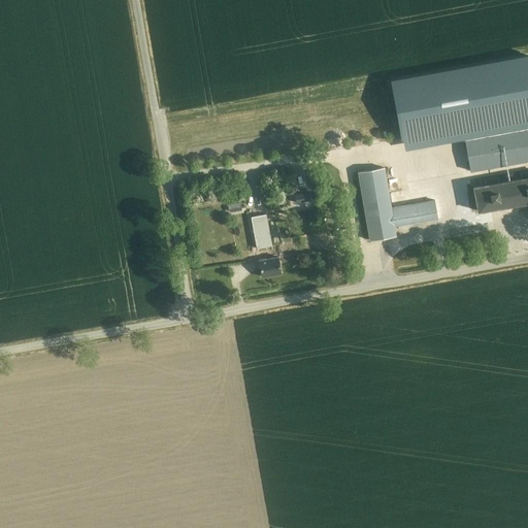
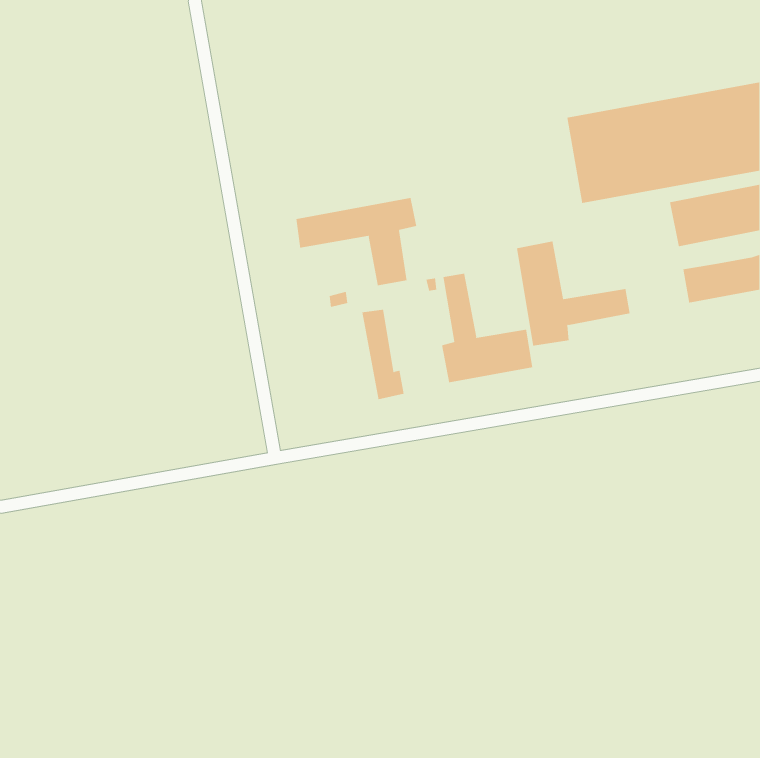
building: none -> [296,197,417,286]
building: none -> [441,273,533,383]

